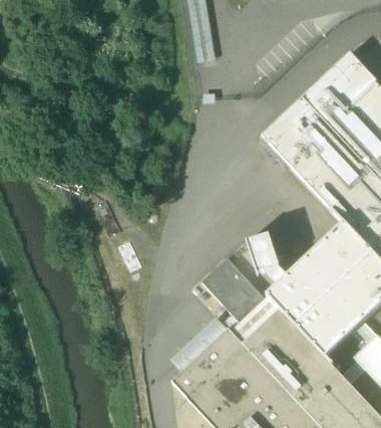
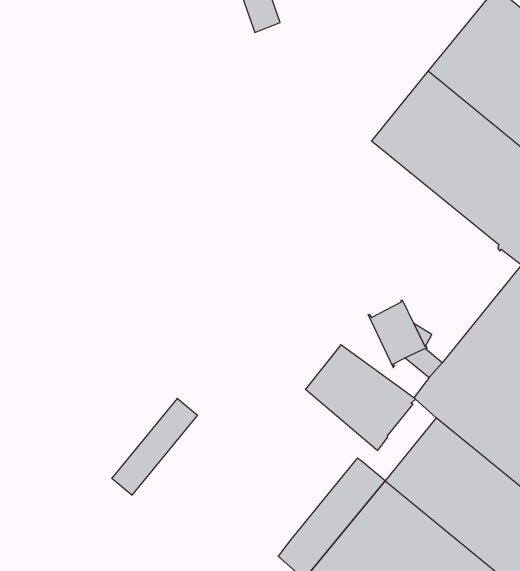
building: [232,296,280,344] -> none
building: [170,316,228,372] -> [112,398,197,495]

